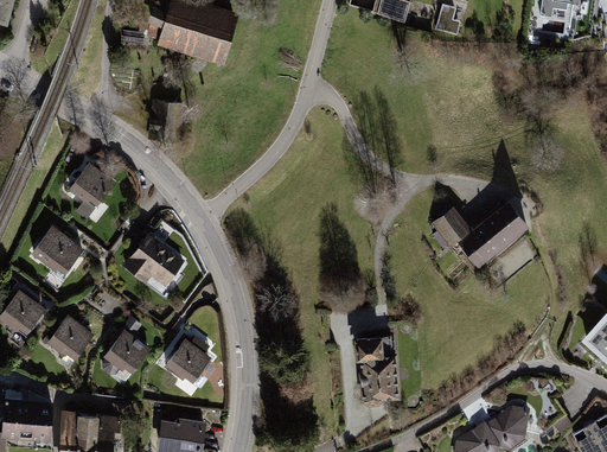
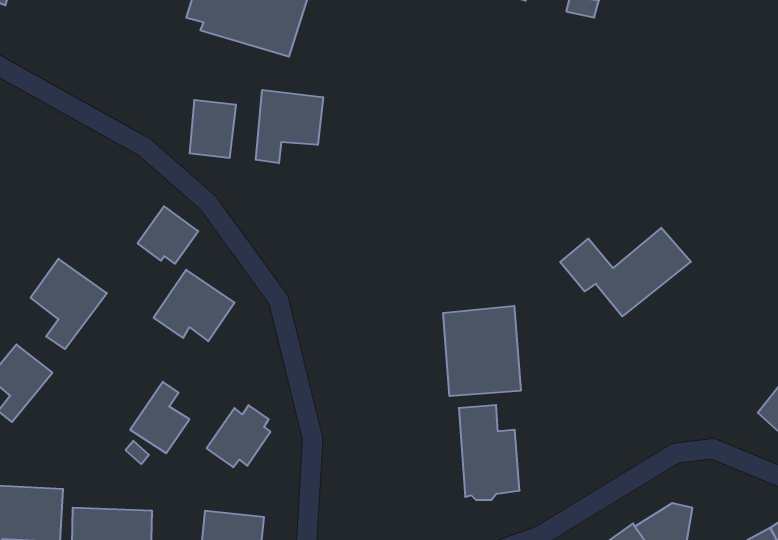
building: none -> [256,90,323,163]
building: [70,165,116,209] -> [138,206,198,264]
building: none -> [443,306,521,396]
building: [46,312,92,367] -> none

